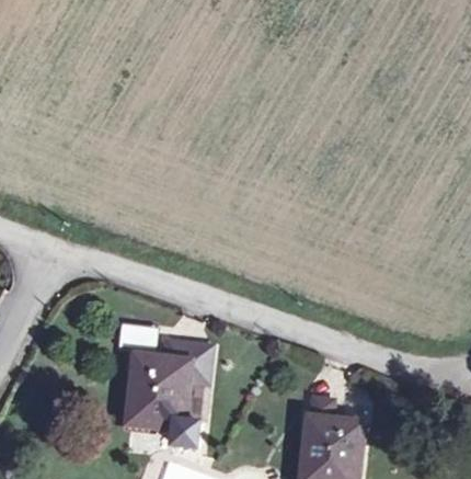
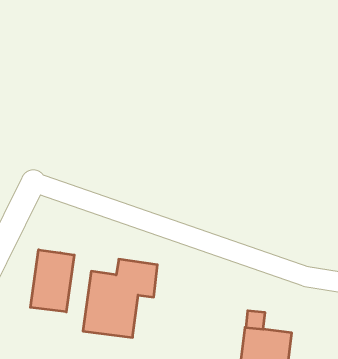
building: none -> [30,250,74,312]

